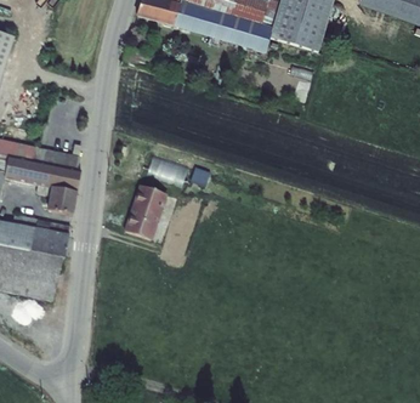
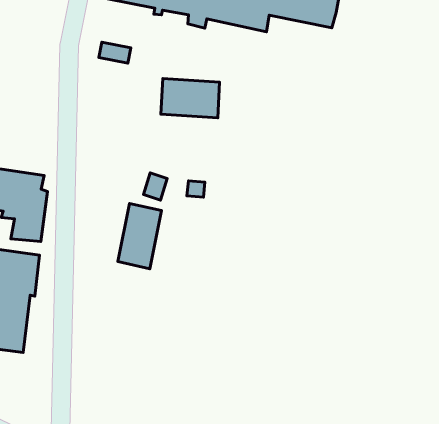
building: none -> [161,78,219,118]

